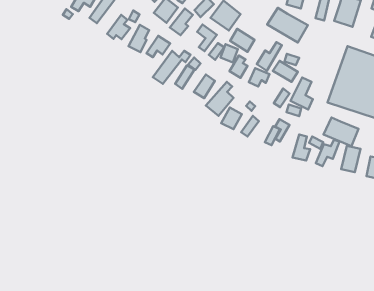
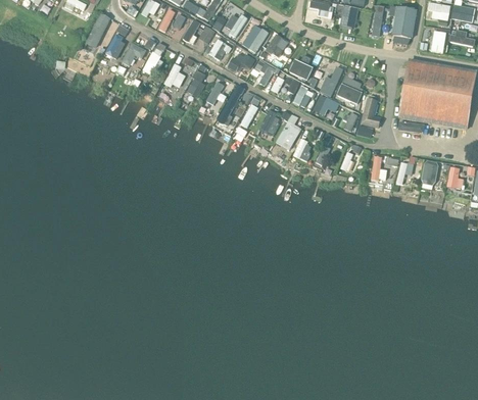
building: [267,8,308,42] -> none
building: [323,117,359,146] -> none

